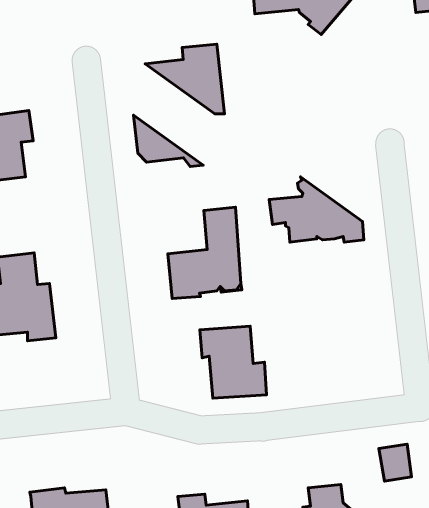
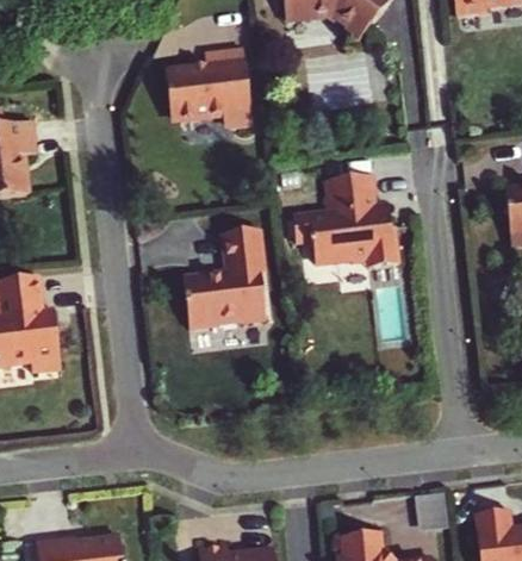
building: [134,115,203,166] -> [161,70,237,126]
building: none -> [330,181,399,243]
building: [200,326,267,398] -> none

